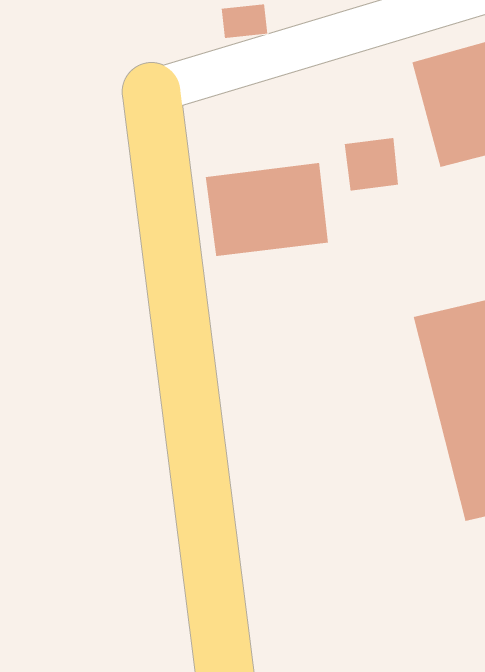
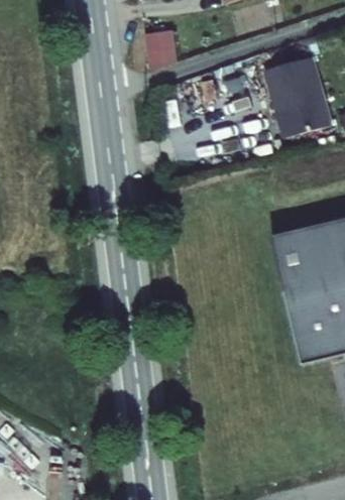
building: [205,162,329,257] -> none

